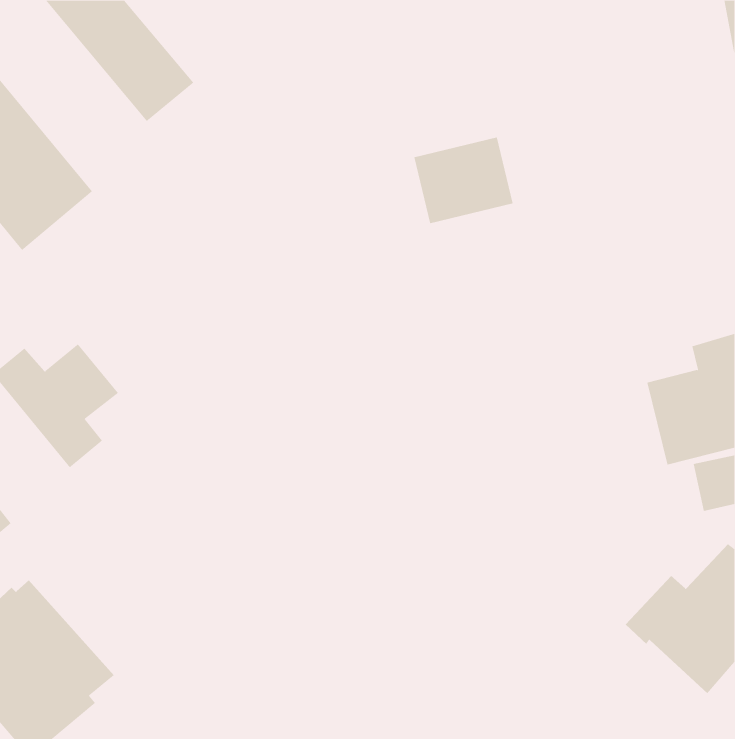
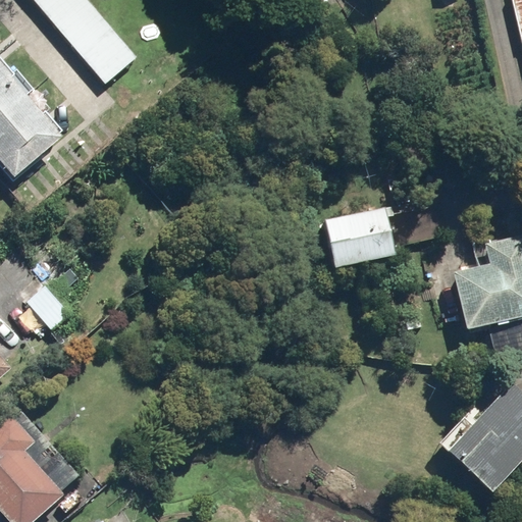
building: [413,137,514,224] -> [328,206,399,267]

